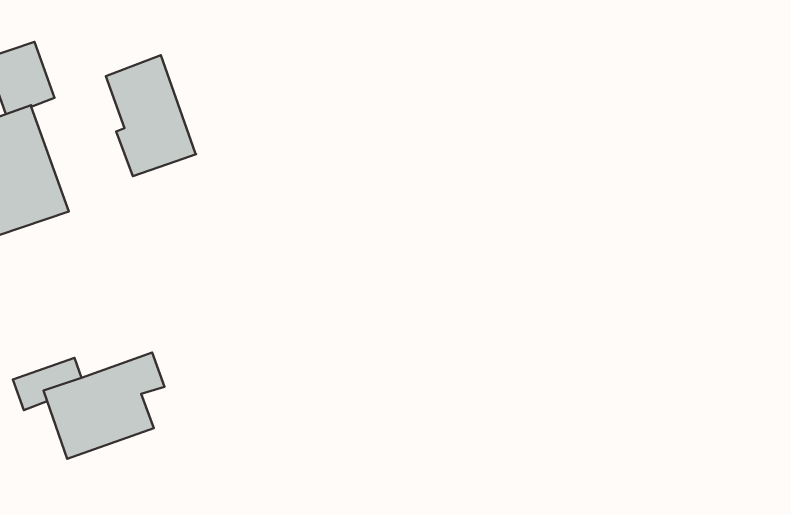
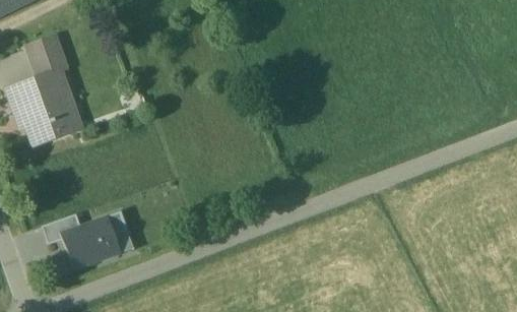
building: [106,55,196,176] -> none

